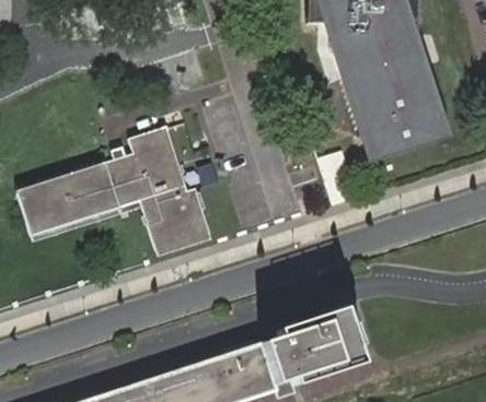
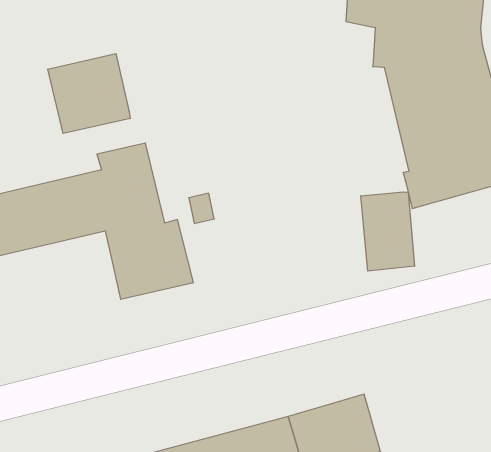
building: none -> [48,54,130,133]
building: none -> [361,192,415,271]

